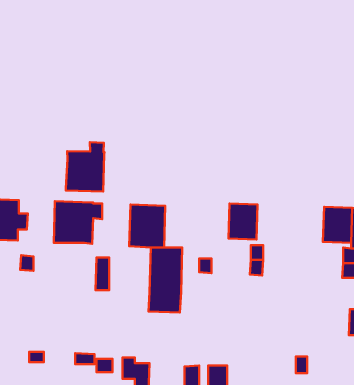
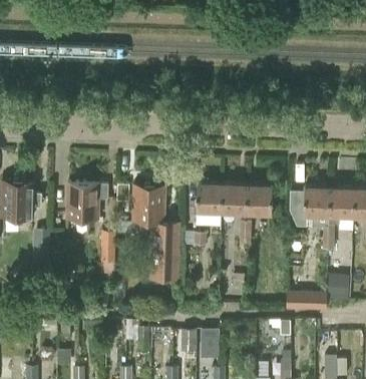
building: [66,142,104,192] -> none
building: none -> [196,184,222,216]
building: none -> [246,185,273,218]
building: none -> [286,292,327,309]

